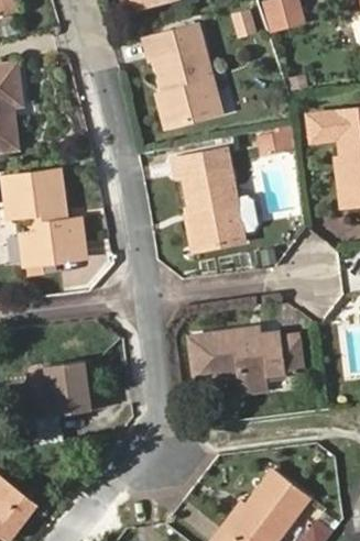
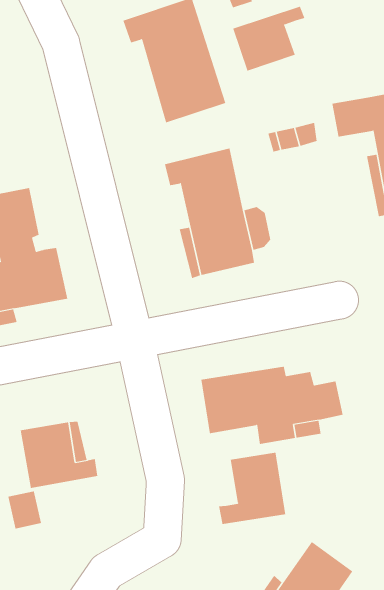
building: none -> [232,6,305,71]
building: none -> [218,452,286,525]

